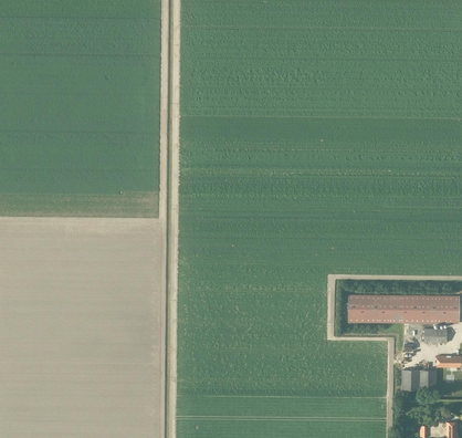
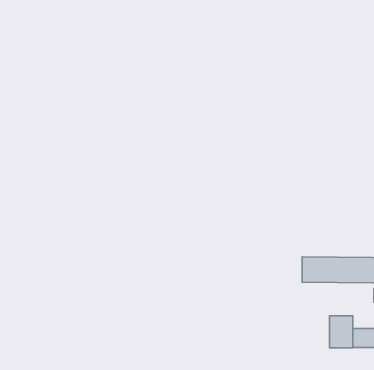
building: none -> [329,316,353,348]

